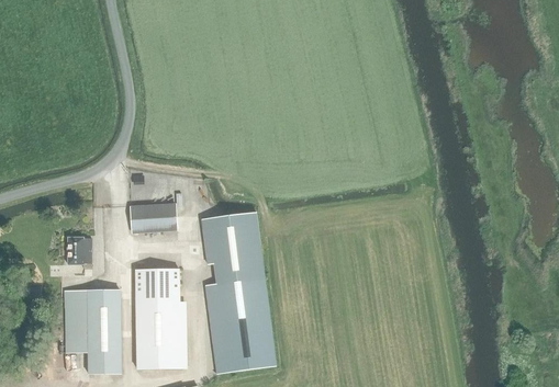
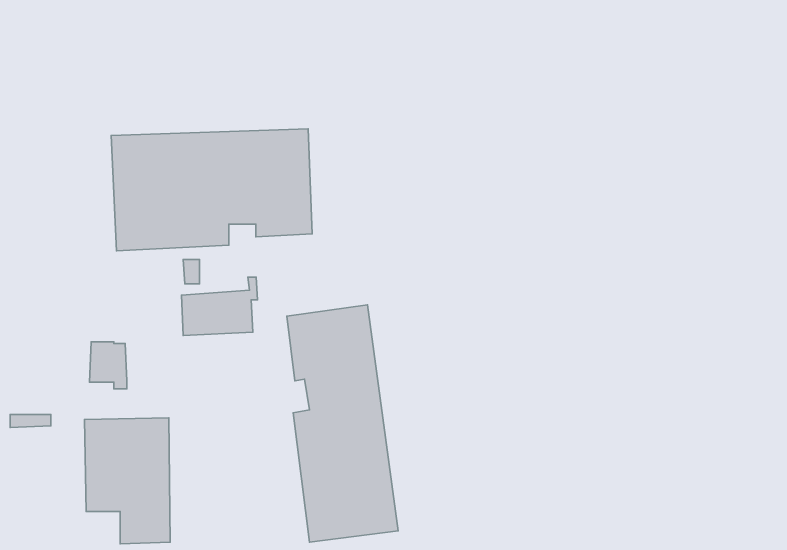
building: none -> [111,129,312,251]
building: [134,269,187,368] -> none

